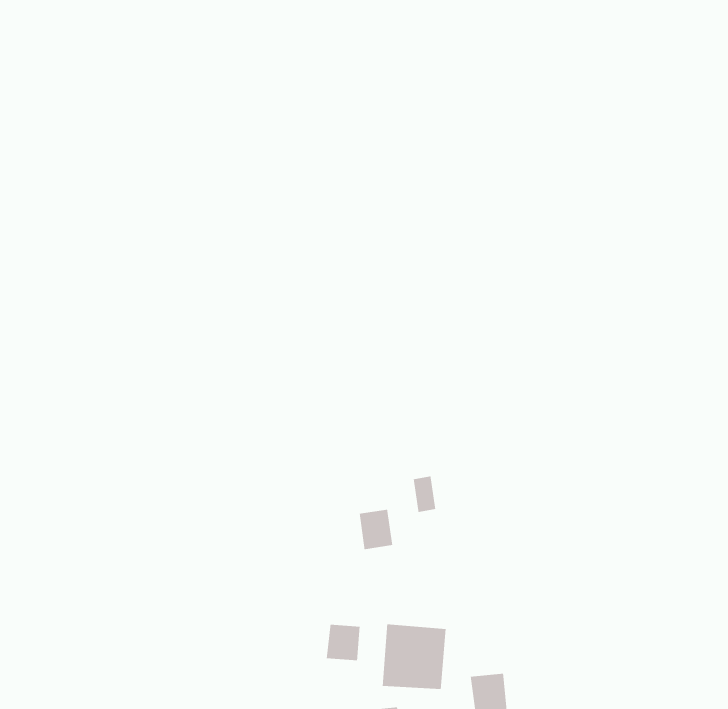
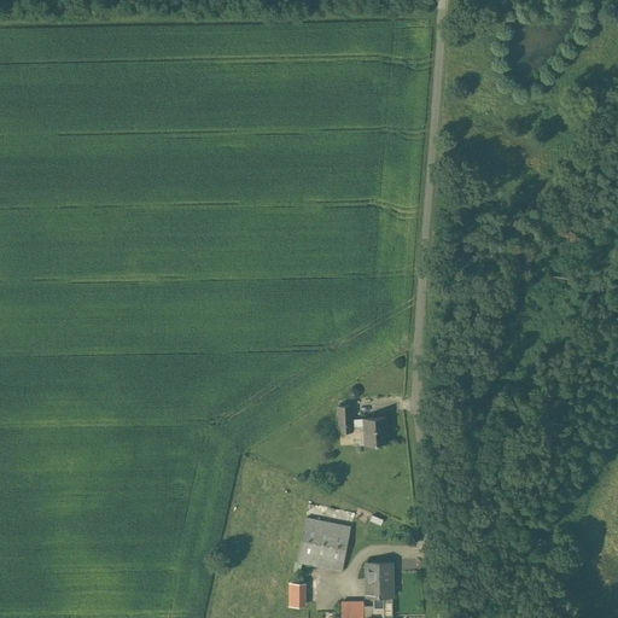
building: [359,509,393,550] -> [363,418,387,448]
building: [326,624,360,661] -> none

